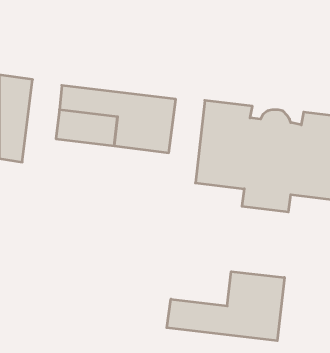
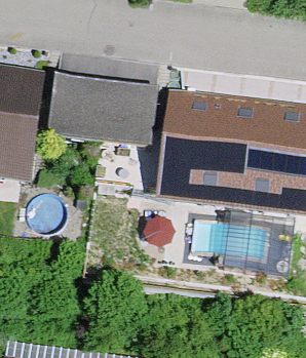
building: [167,272,284,341] -> none

